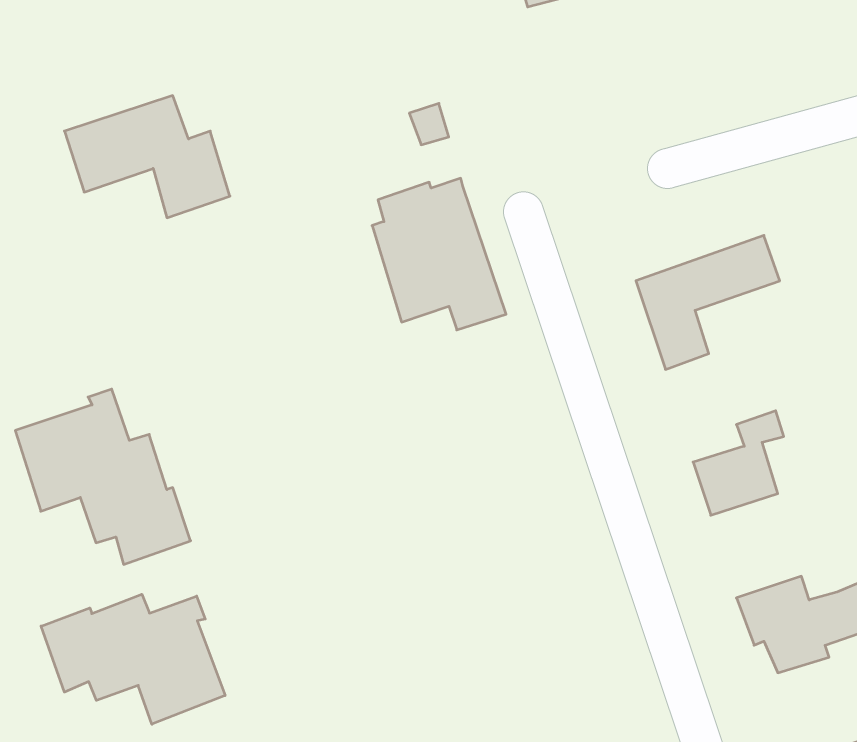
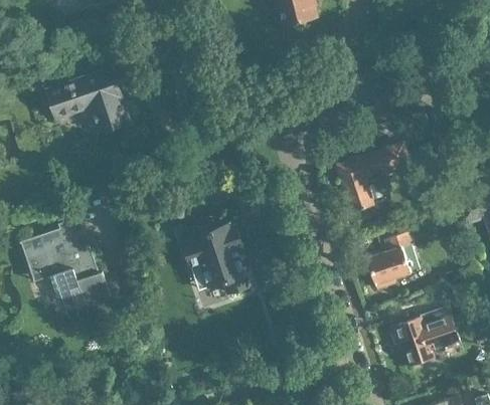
building: [372,178,506,330] -> [182,218,251,295]
building: [41,594,225,724] -> none

